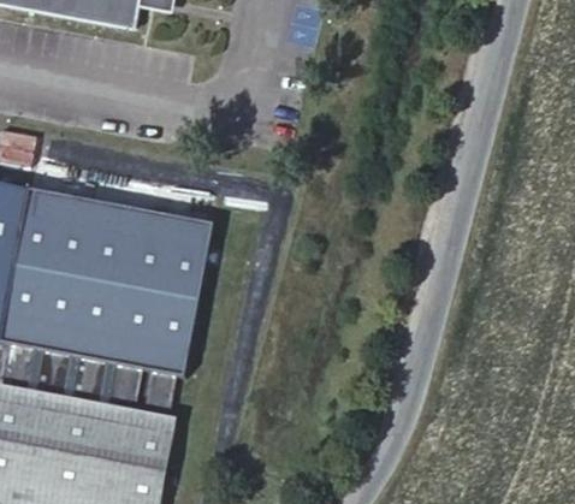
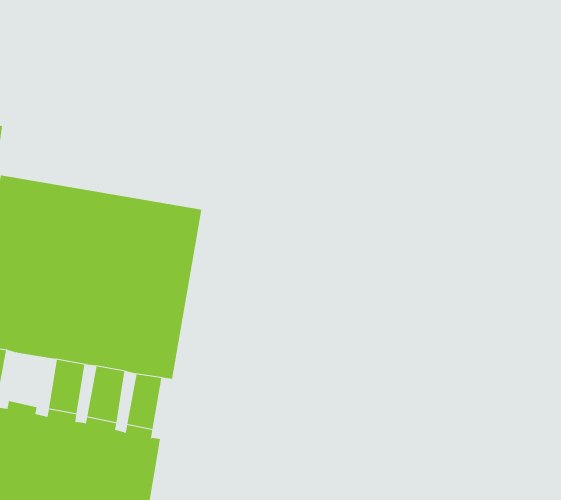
building: [32,350,67,399] -> none

